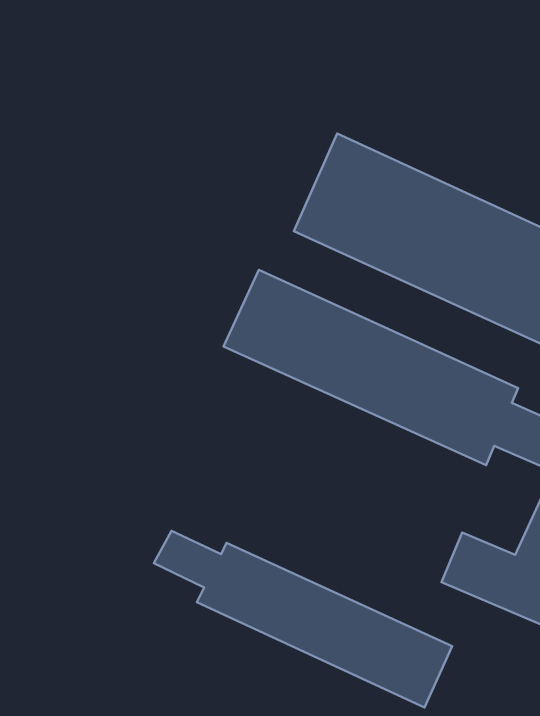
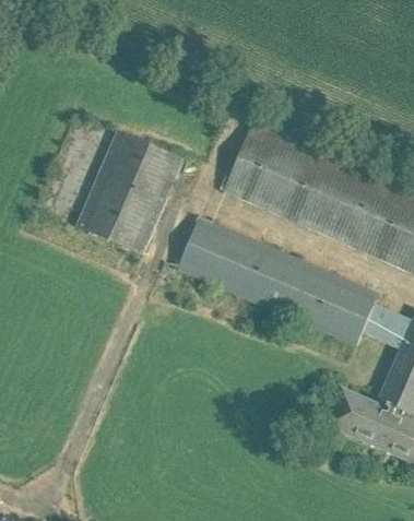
building: none -> [75,132,182,256]
building: [154,531,452,707] -> none

